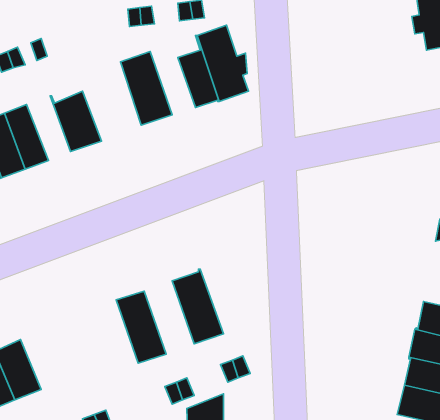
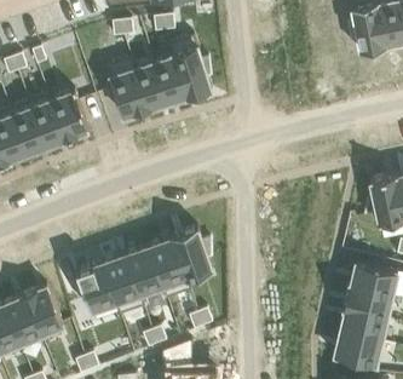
building: none -> [131,57,168,109]
building: none -> [29,93,65,147]
building: none -> [172,228,213,289]
building: none -> [126,246,167,306]
building: none -> [76,262,121,315]
building: none -> [24,285,64,335]

